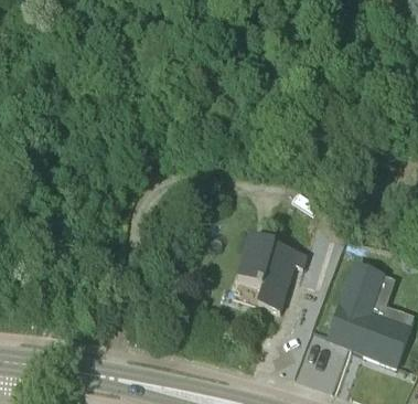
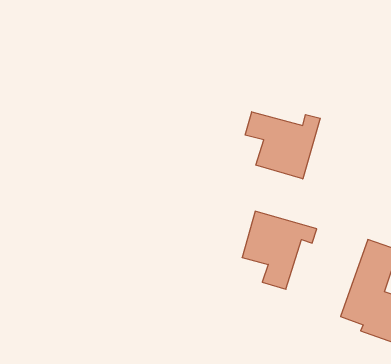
building: none -> [245,112,320,179]

